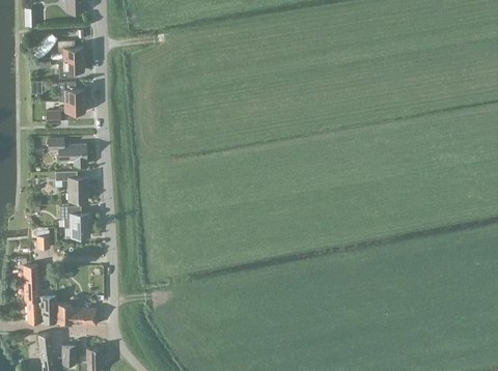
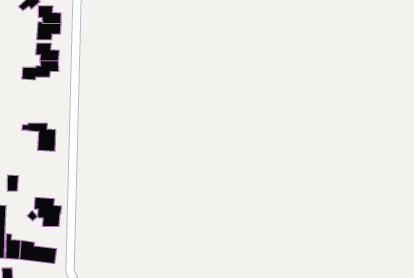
building: [50,136,88,163] -> none
building: [61,203,91,234] -> [34,198,62,226]

